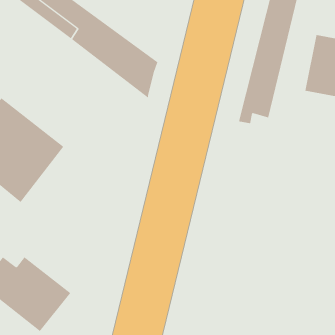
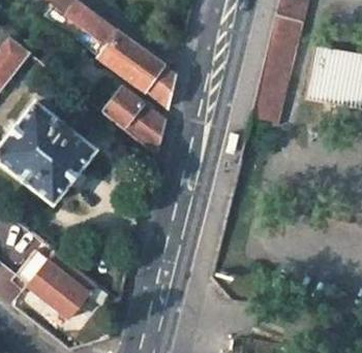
building: none -> [102,89,164,157]

